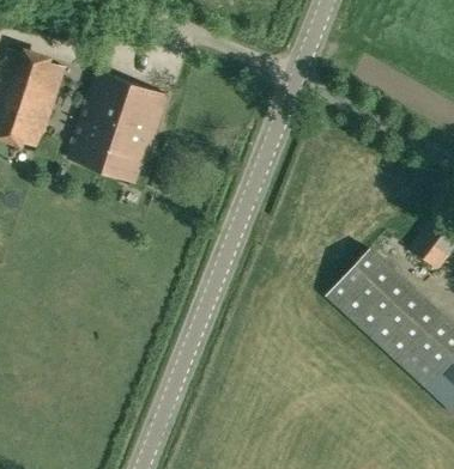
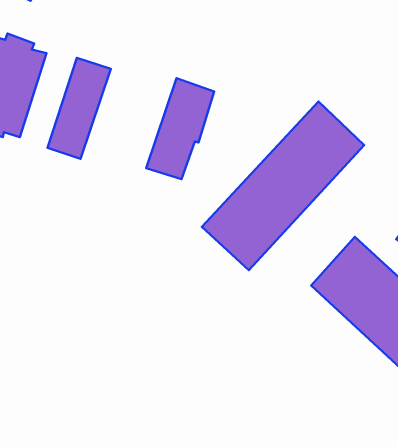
building: [99,81,167,181] -> [146,78,214,179]
building: none -> [202,102,364,270]

